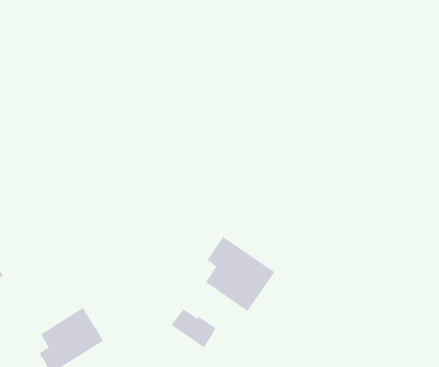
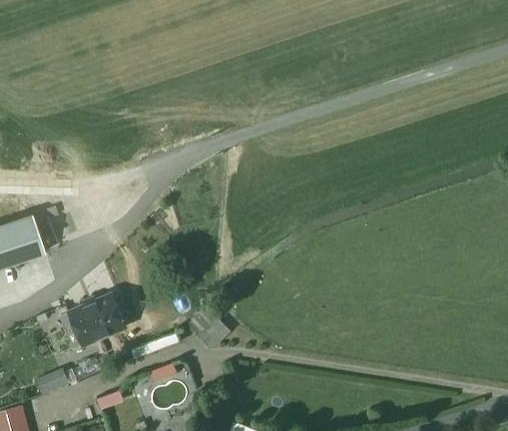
building: [205,236,275,312] -> none

